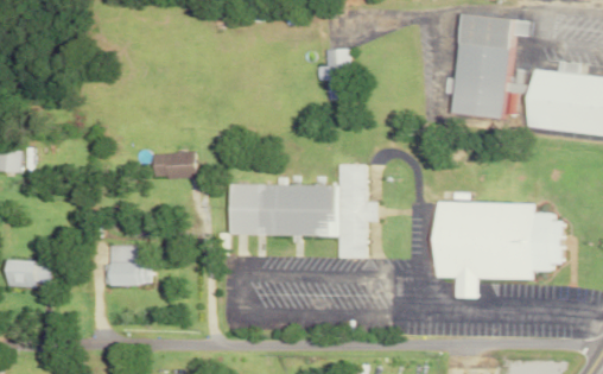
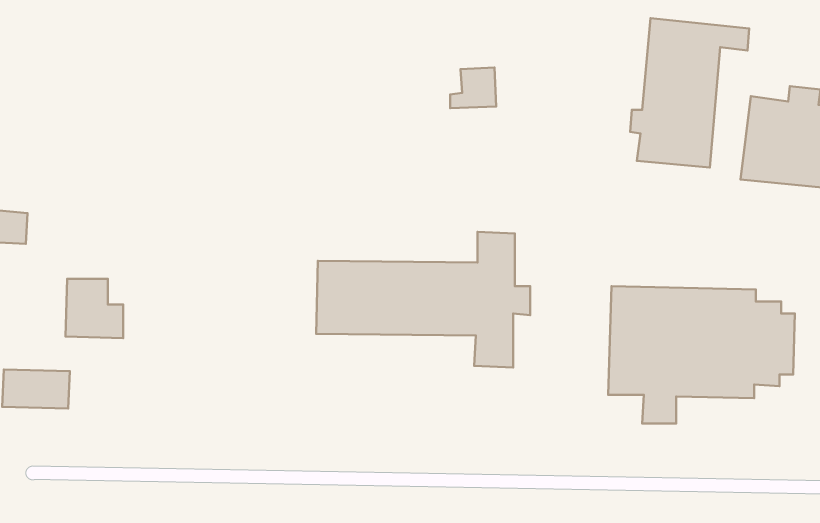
building: [154,153,196,178] -> none
building: [110,246,151,287] -> [65,279,123,338]

